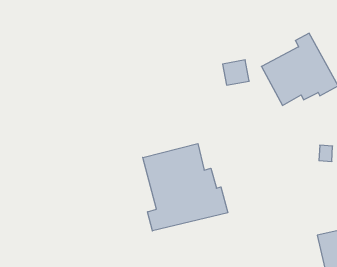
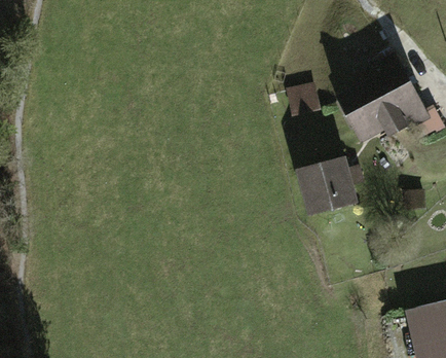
building: none -> [294,156,355,217]
building: [143,144,228,231] -> none

